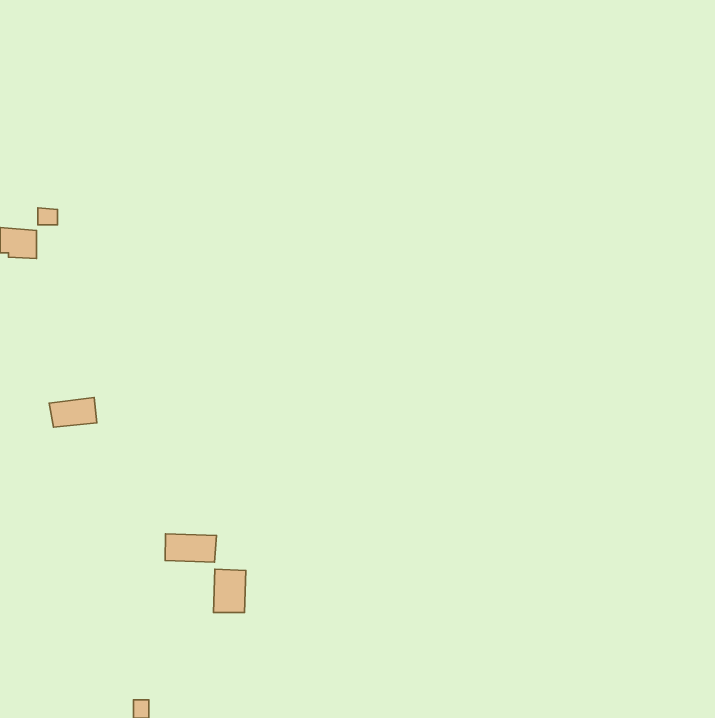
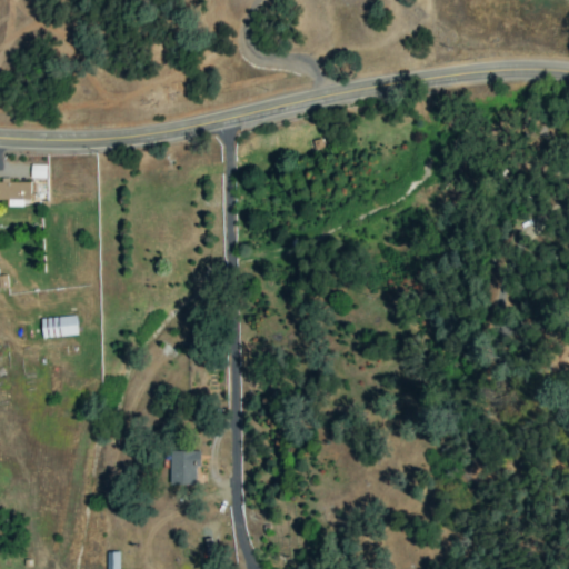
building: [165,534,217,562] -> none

